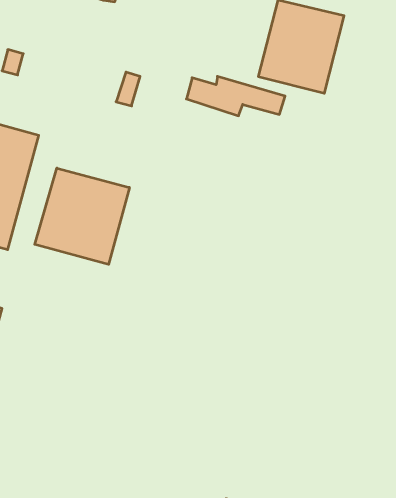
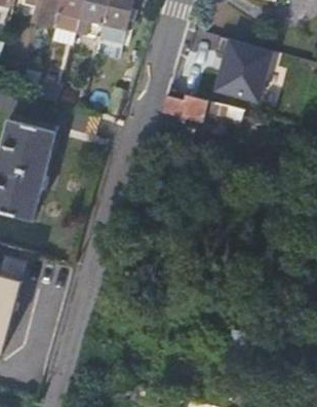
building: [35,168,129,264] -> none

